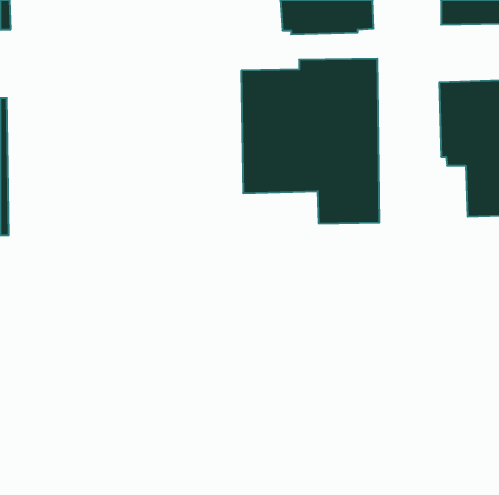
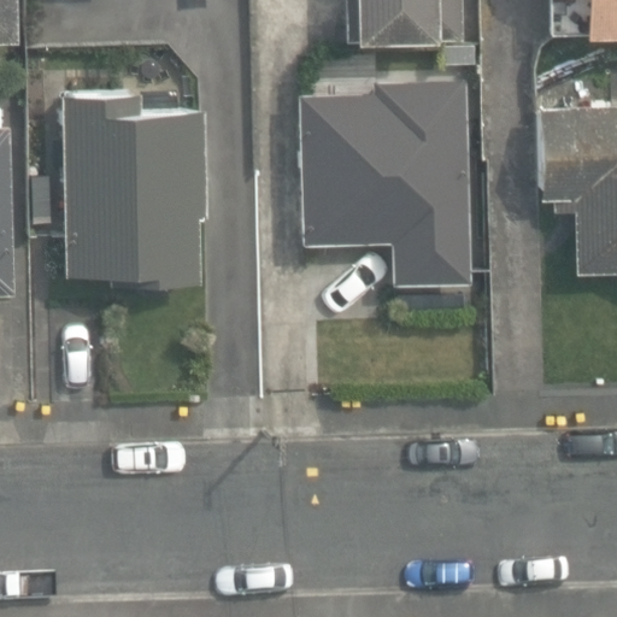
building: none -> [61,95,206,294]

